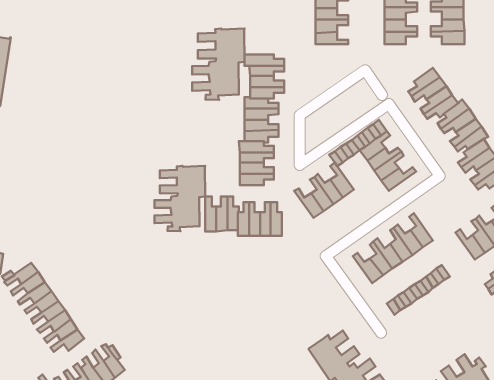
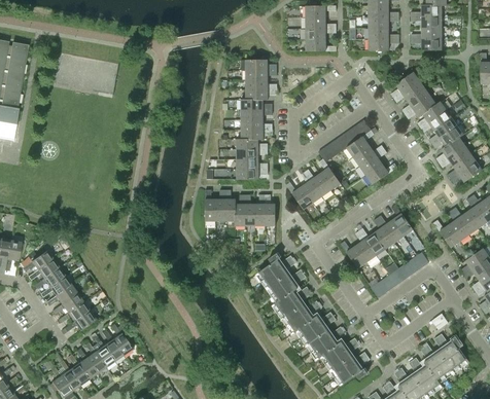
building: [192,29,245,100] -> none
building: [155,166,205,231] -> none
building: none -> [259,253,321,331]

